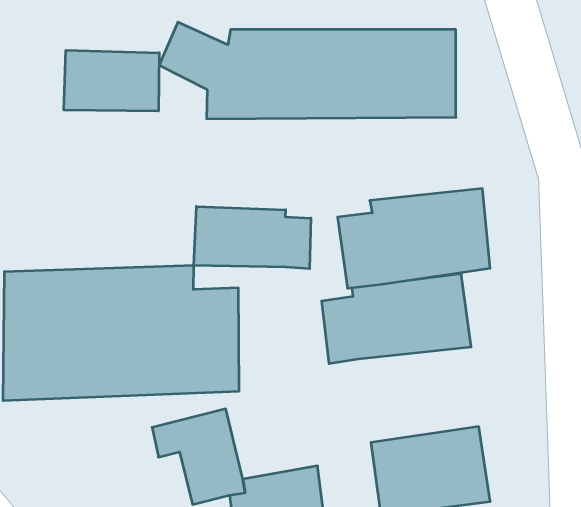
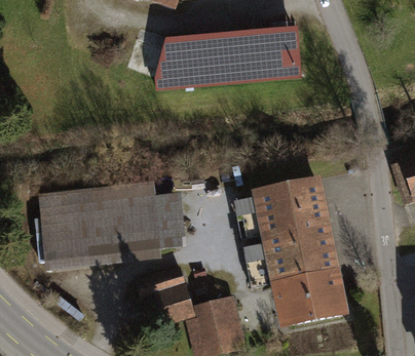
building: [64,50,159,111] -> none
building: [338,189,490,288] -> [239,215,333,281]
building: [194,206,311,269] -> none

